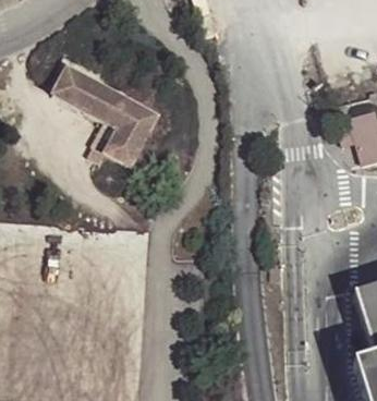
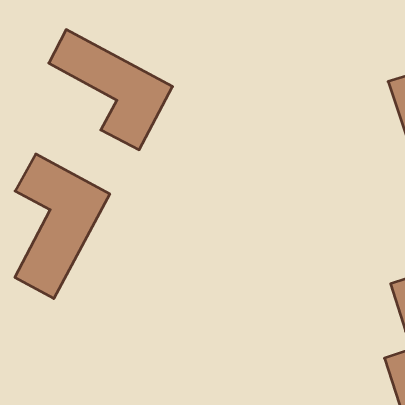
building: none -> [15,154,110,299]

